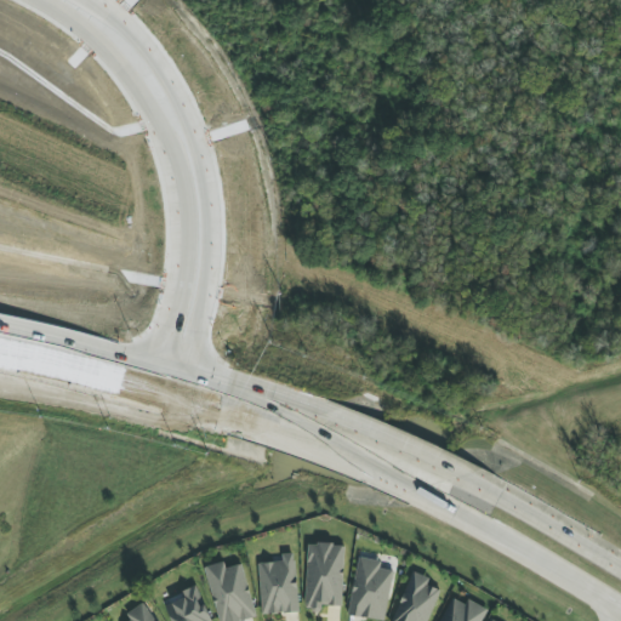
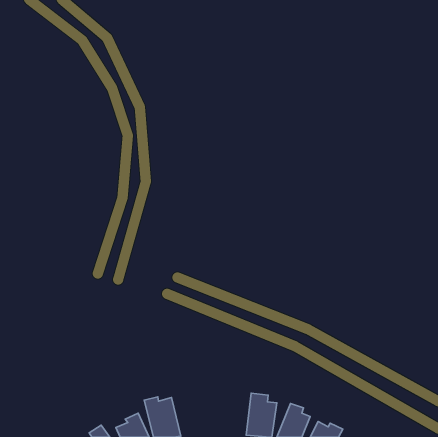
building: [304,542,343,608] -> none
building: [257,553,297,614] -> none

